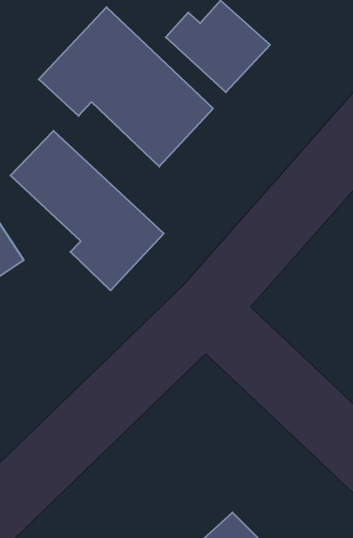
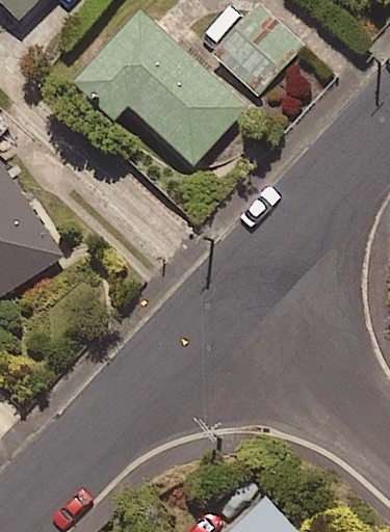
building: [11,131,164,290] -> none

